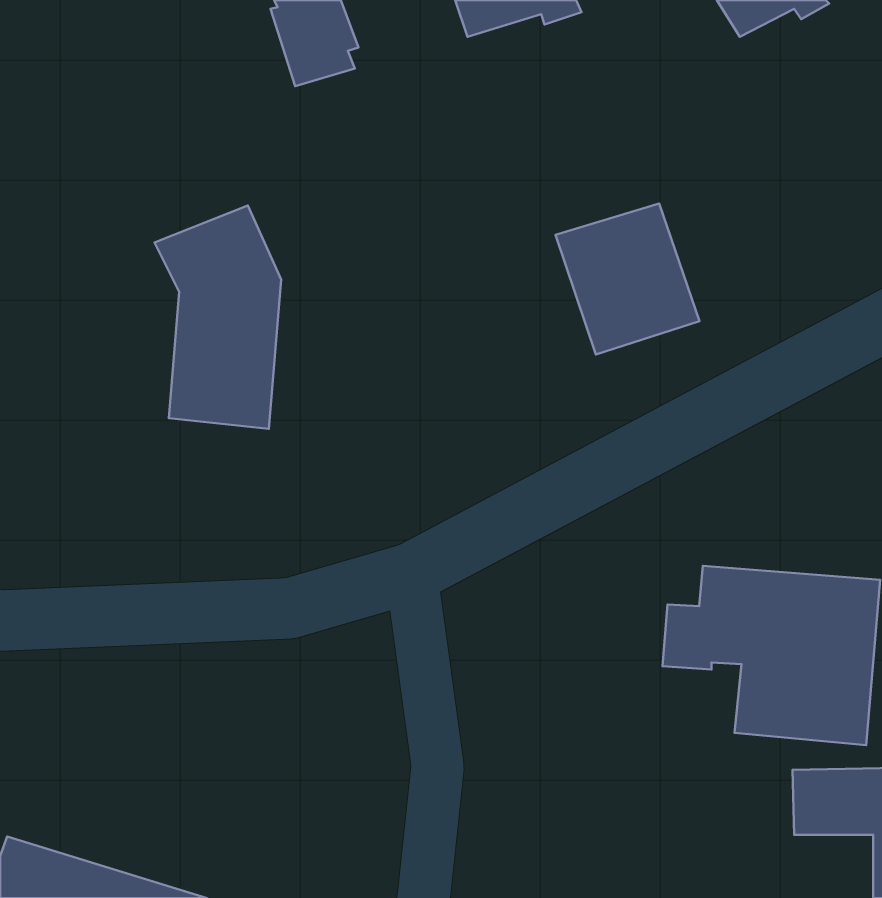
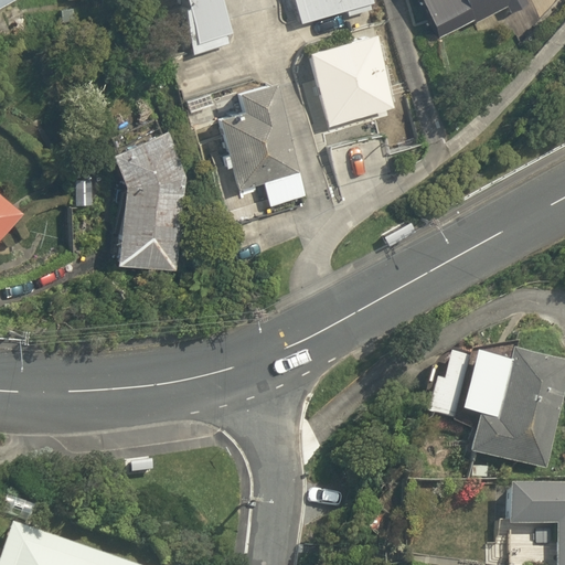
building: none -> [215,79,310,206]
building: [555,203,699,354] -> [306,31,396,126]

